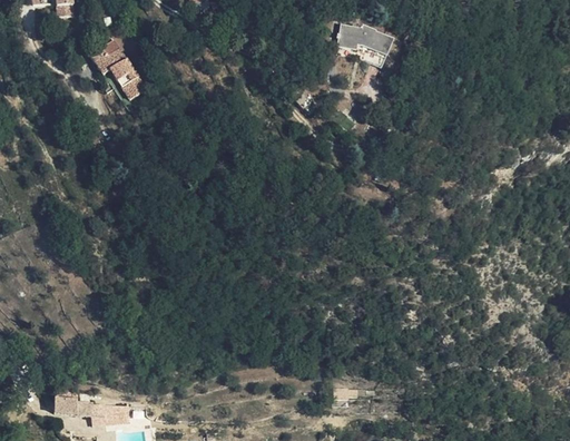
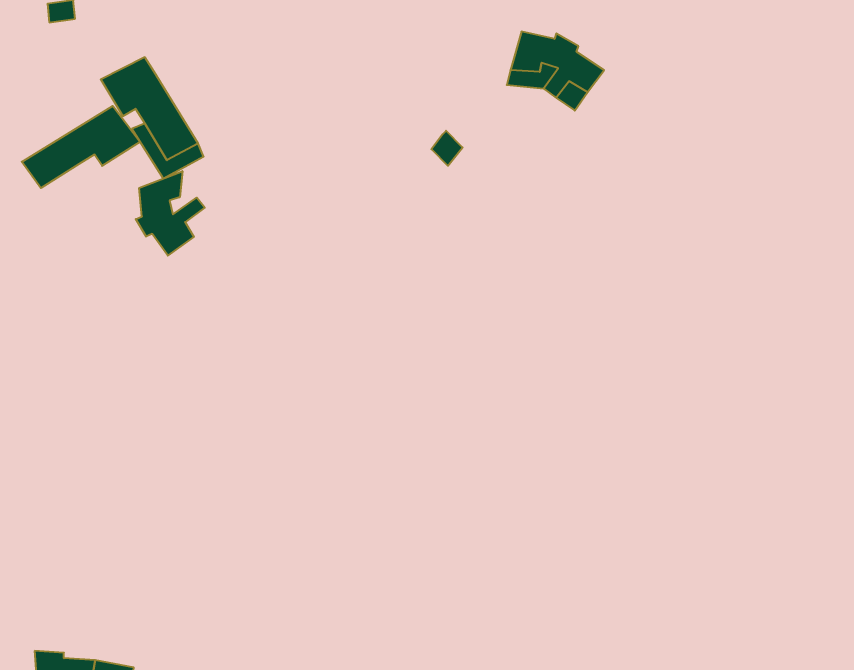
building: none -> [22,106,140,188]
building: none -> [136,171,205,256]

